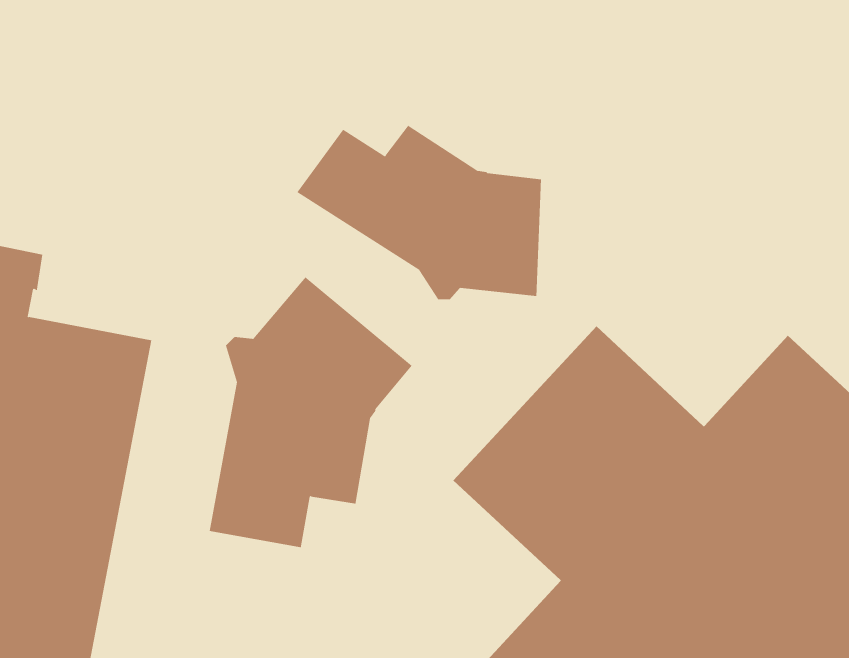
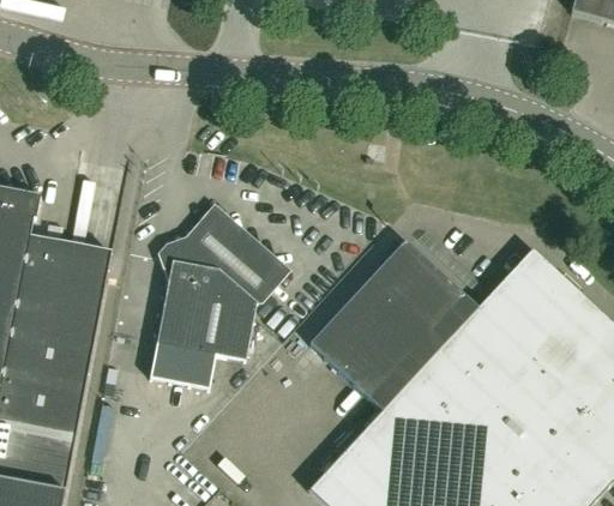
building: [296,125,541,300] -> none

